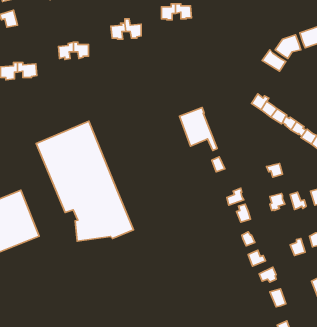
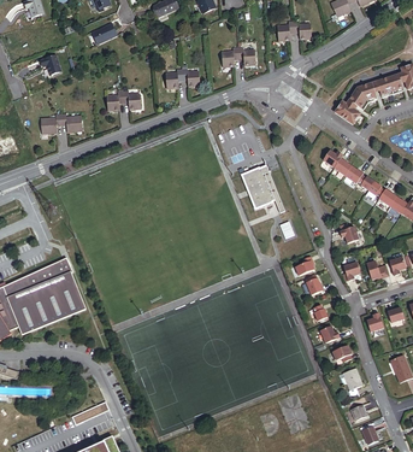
building: [36,121,133,241] -> none

